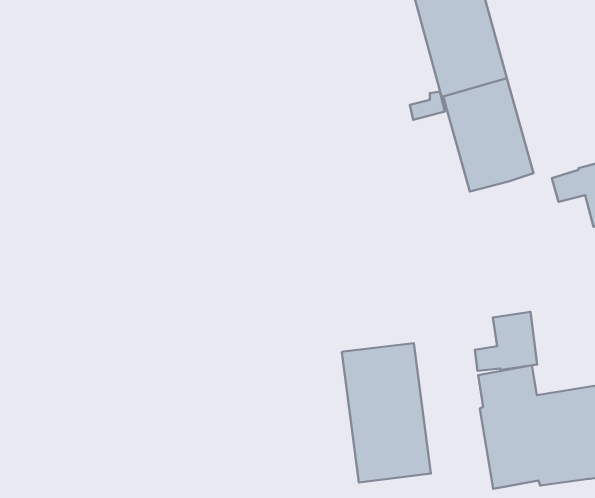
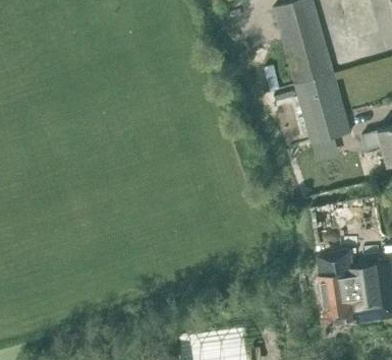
building: [475,312,537,371] -> none
building: [342,343,431,482] -> none

